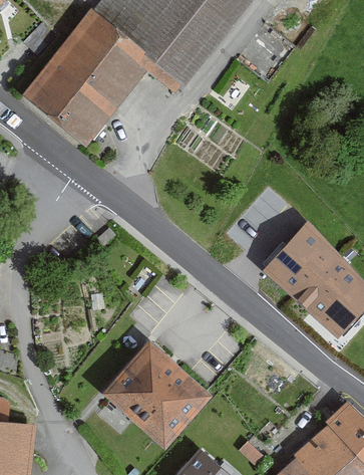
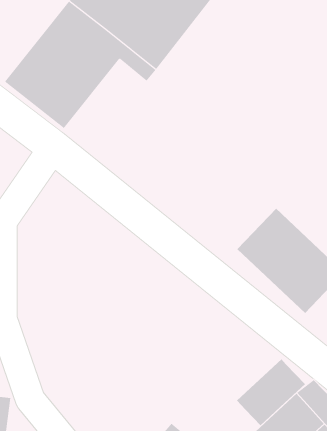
building: [106,341,214,447] -> none
building: none -> [236,358,306,426]

